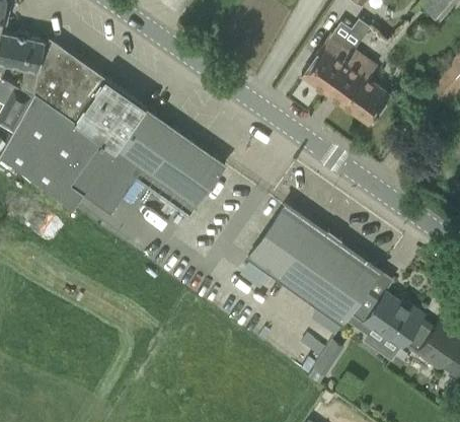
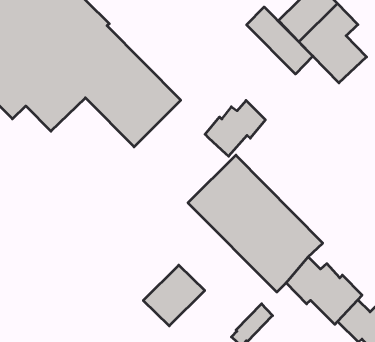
building: none -> [247,7,313,74]
building: none -> [205,100,265,156]
building: none -> [143,265,205,326]

